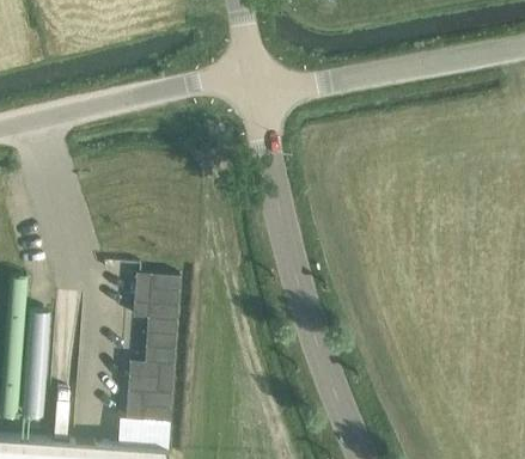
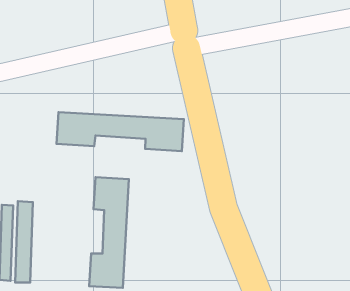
building: none -> [56,112,184,151]

